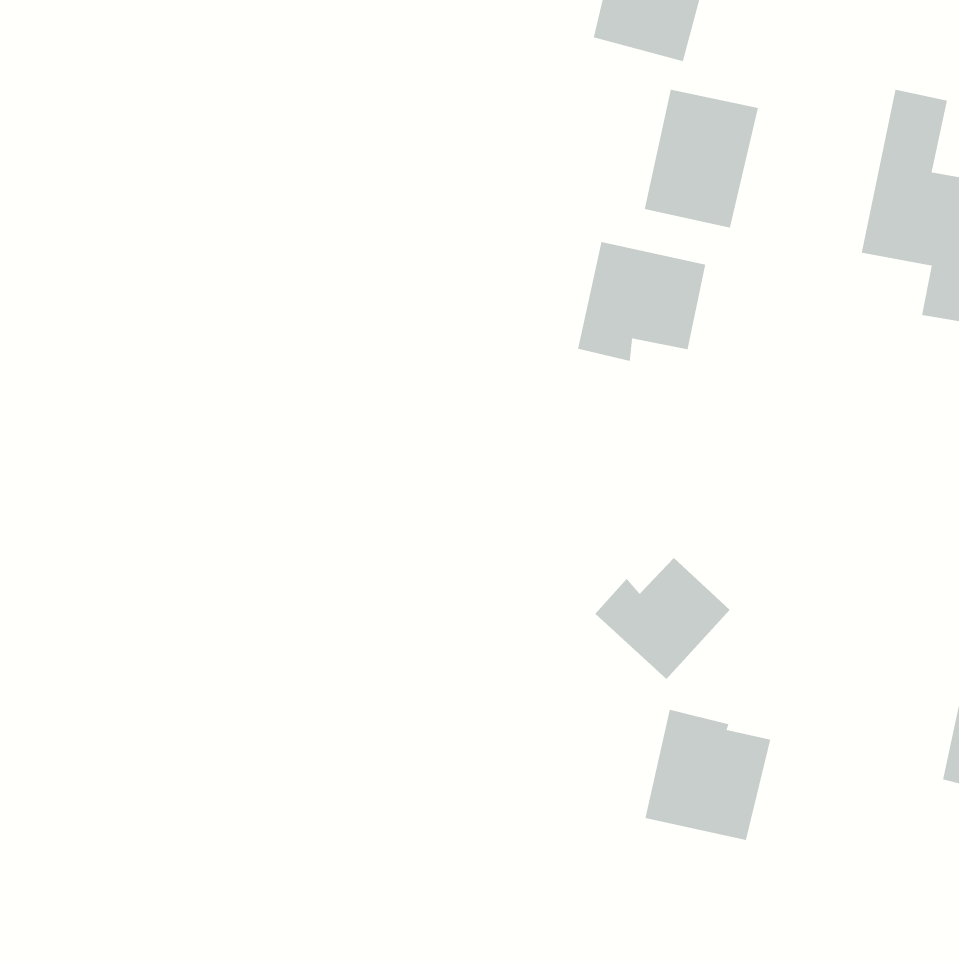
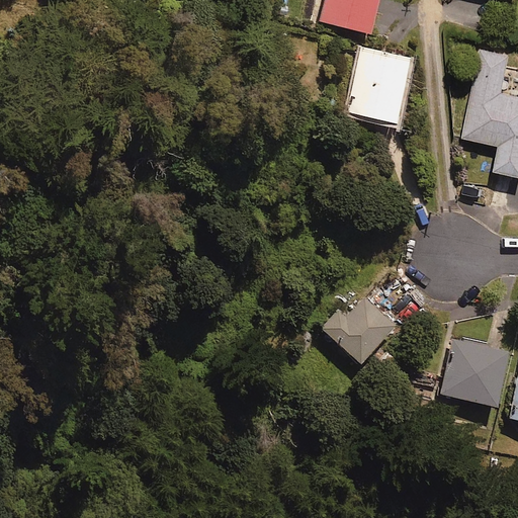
building: [577,241,706,362] -> none
building: [645,709,771,841] -> [441,336,509,407]

